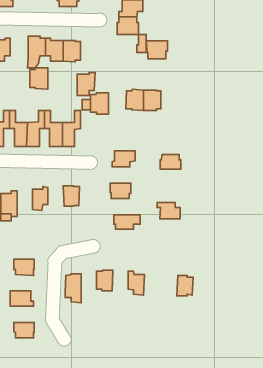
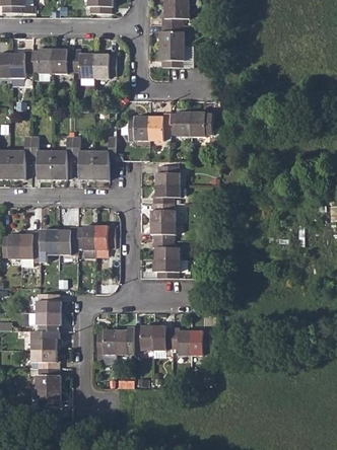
building: [146,41,168,59] -> [158,46,184,67]
building: [30,68,48,89] -> [31,48,53,73]
building: [77,72,95,95] -> [148,113,170,140]
building: [160,155,181,169] -> [155,166,180,183]
building: none -> [150,203,175,222]
building: none -> [76,224,95,249]
building: none -> [40,229,58,261]
building: [157,203,180,219] -> [151,240,179,259]
building: none -> [36,293,60,312]
building: none -> [152,325,172,350]
building: none -> [116,326,134,354]
building: none -> [31,330,59,350]
building: [177,275,193,296] -> [190,330,209,355]
building: none -> [28,368,60,387]

